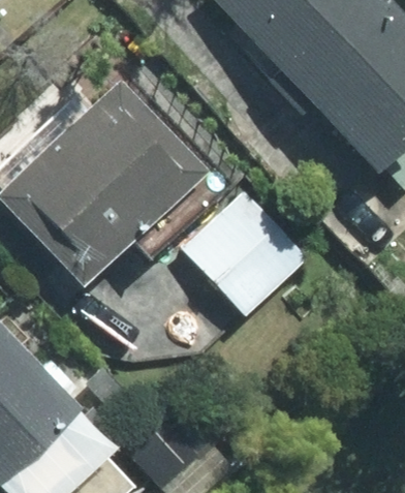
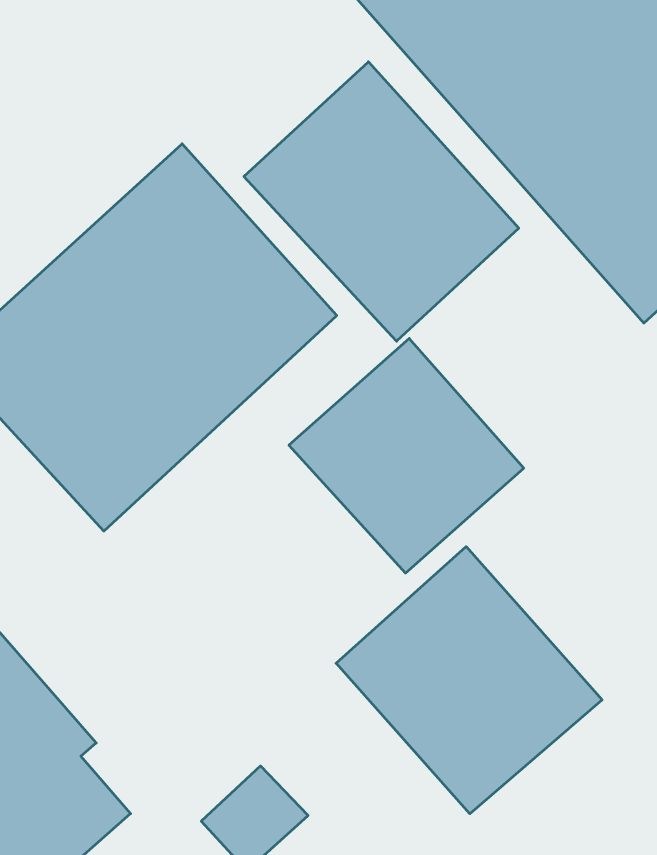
building: none -> [244,62,519,341]
building: none -> [336,547,602,814]

